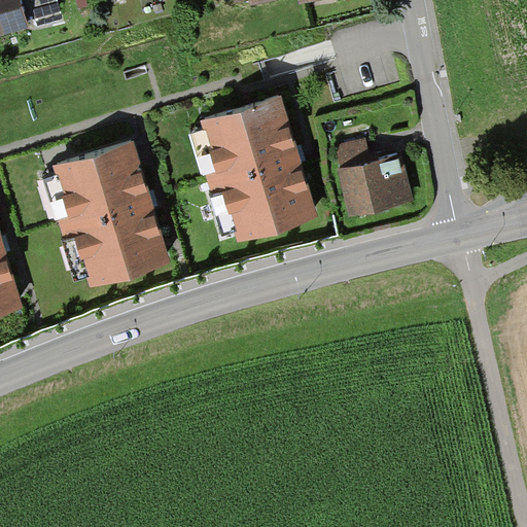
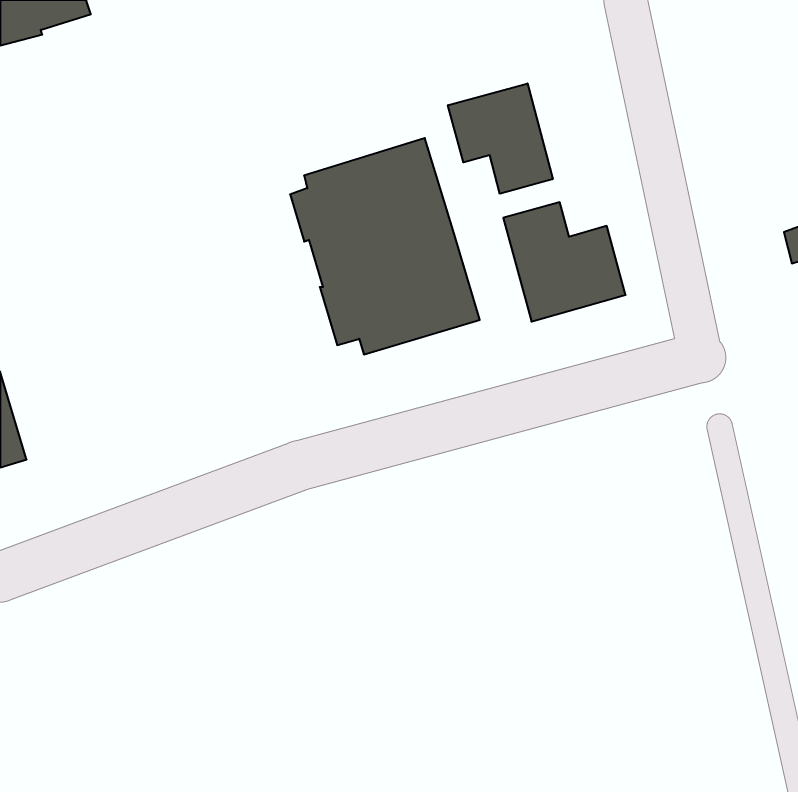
building: none -> [448,83,553,194]
building: [45,143,170,284] -> none

